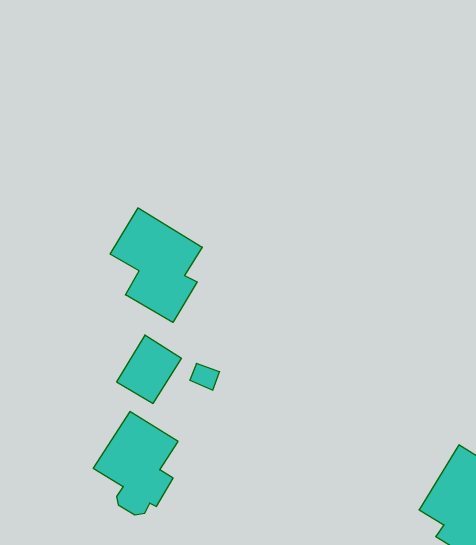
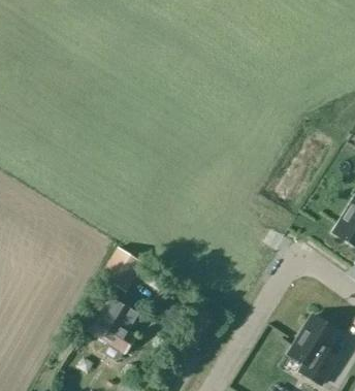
building: [110,208,202,322] -> none

